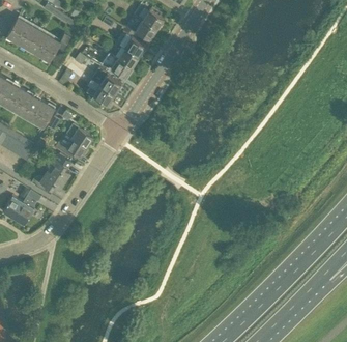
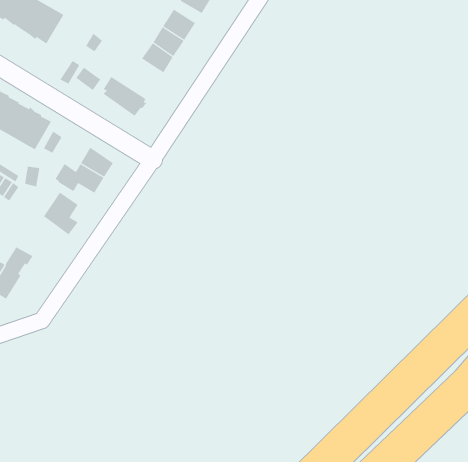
building: [91,67,121,94] -> none
building: [31,170,64,195] -> none

